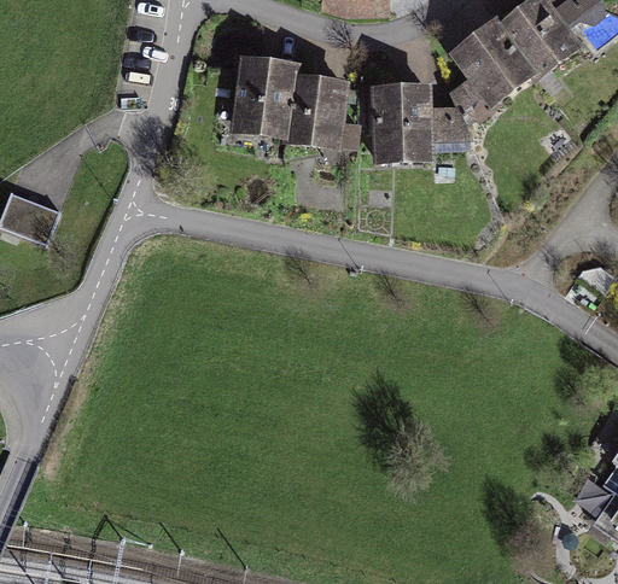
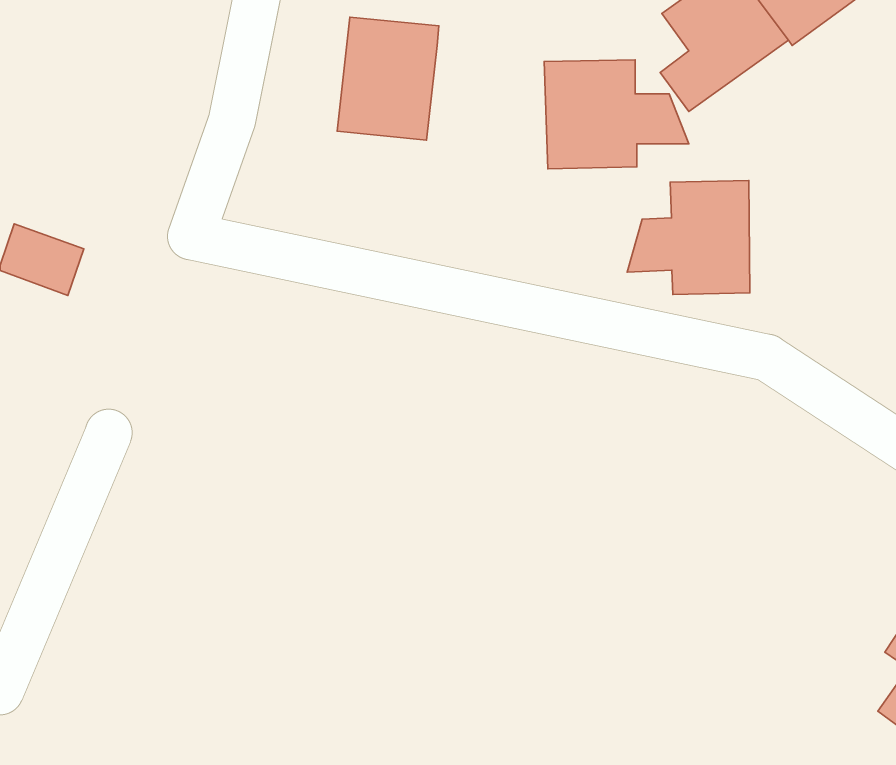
building: [291,75,360,150] -> none
building: none -> [627,181,750,294]

